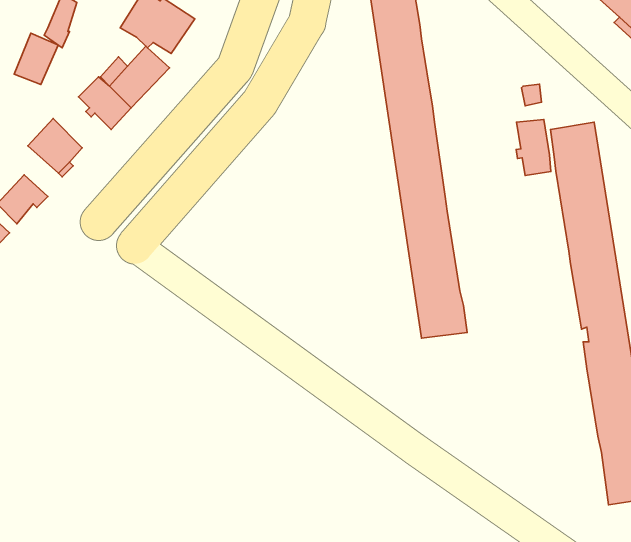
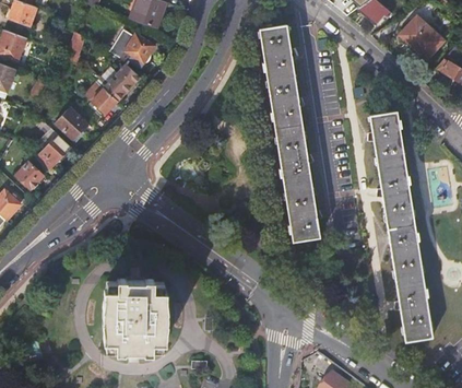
building: [14,33,58,85] -> none
building: [516,119,551,175] -> none
building: none -> [109,281,167,350]

